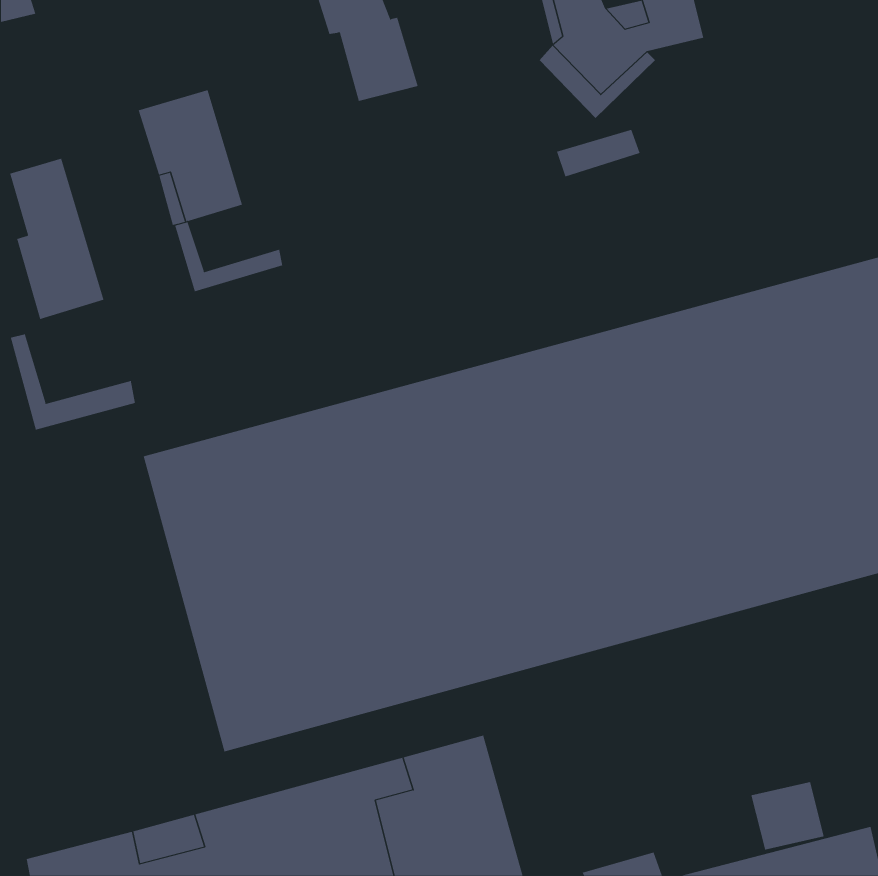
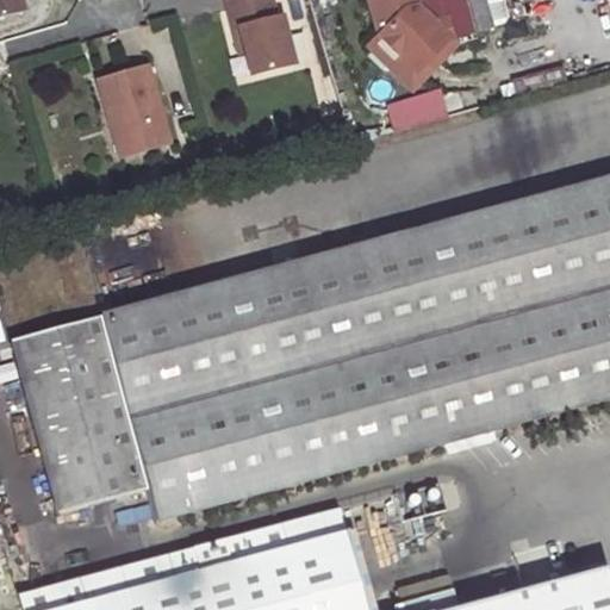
building: [9,158,104,320] -> none
building: [175,221,283,292] -> none
building: [10,333,135,430] -> none
building: none -> [12,316,148,512]

